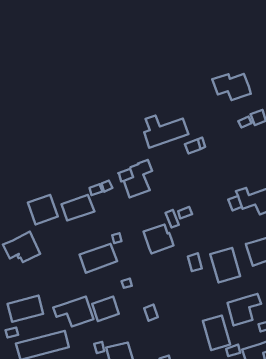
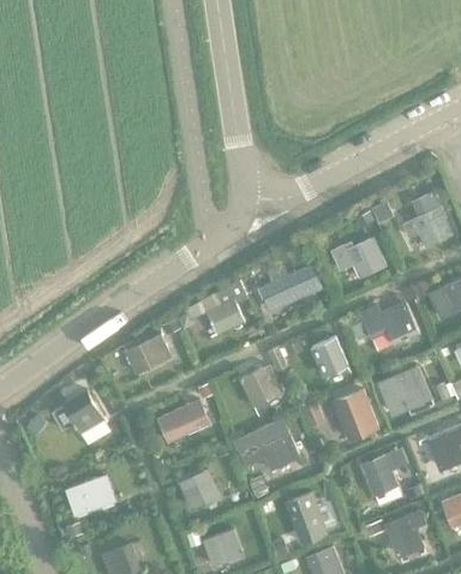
building: [212,74,251,100] -> [330,241,384,279]
building: [144,115,189,148] -> [259,267,319,311]
building: [28,195,58,224] -> none
building: none -> [311,337,347,375]
building: none -> [232,419,297,470]
building: [53,296,94,326] -> none
building: [203,315,230,350] -> [285,495,324,543]

